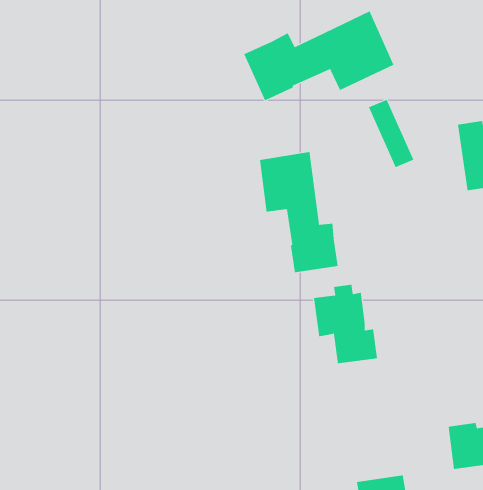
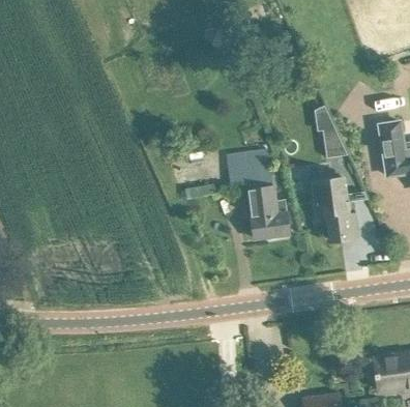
building: [244,11,394,101] -> none
building: [313,284,378,364] -> [308,178,357,239]

